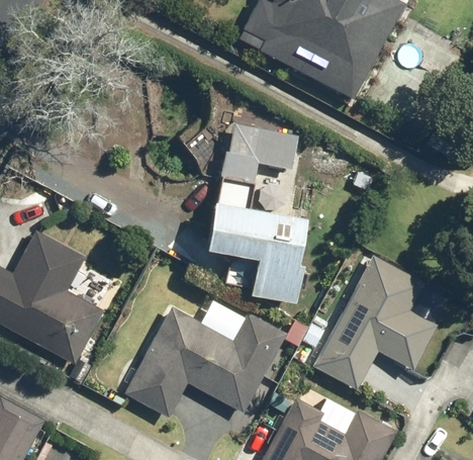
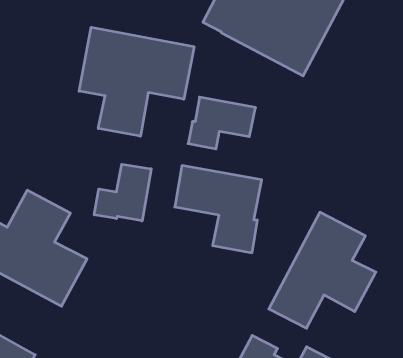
building: none -> [79,27,194,136]
building: none -> [94,164,151,221]
building: [123,305,286,418] -> none

